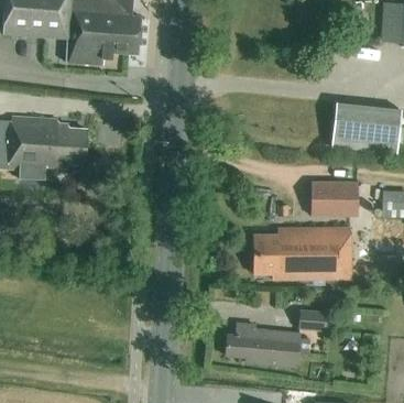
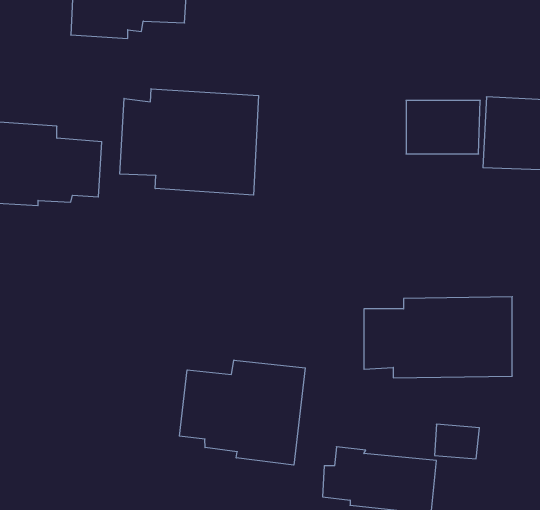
building: none -> [120,89,259,195]
building: [312,182,359,216] -> [406,100,480,154]
building: none -> [179,360,305,465]

